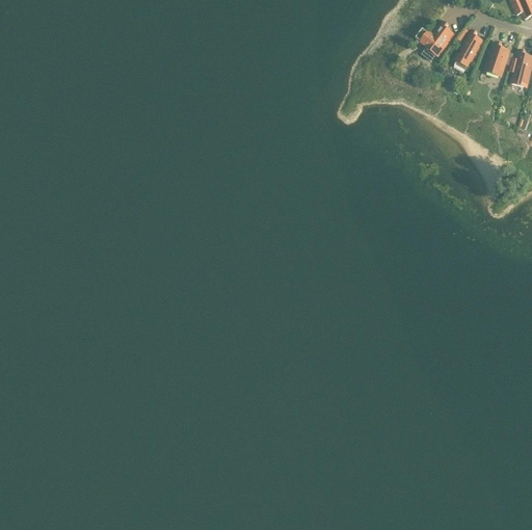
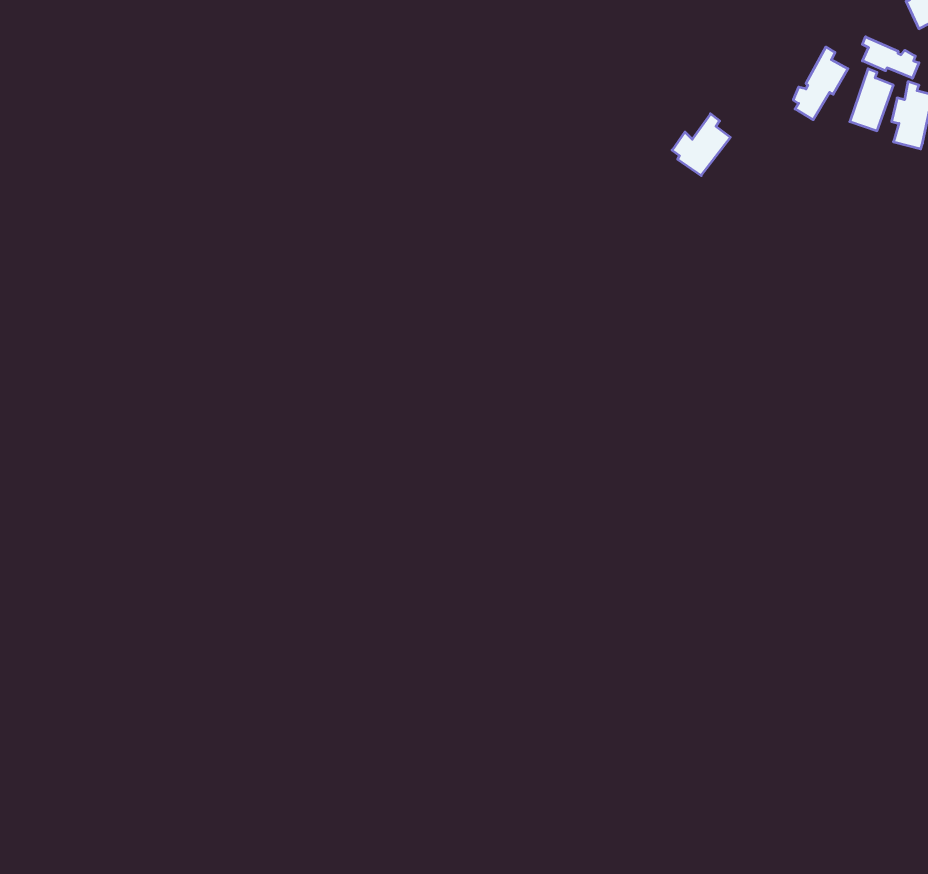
building: [421,21,454,56] -> [672,114,730,176]
building: none -> [862,37,919,78]

